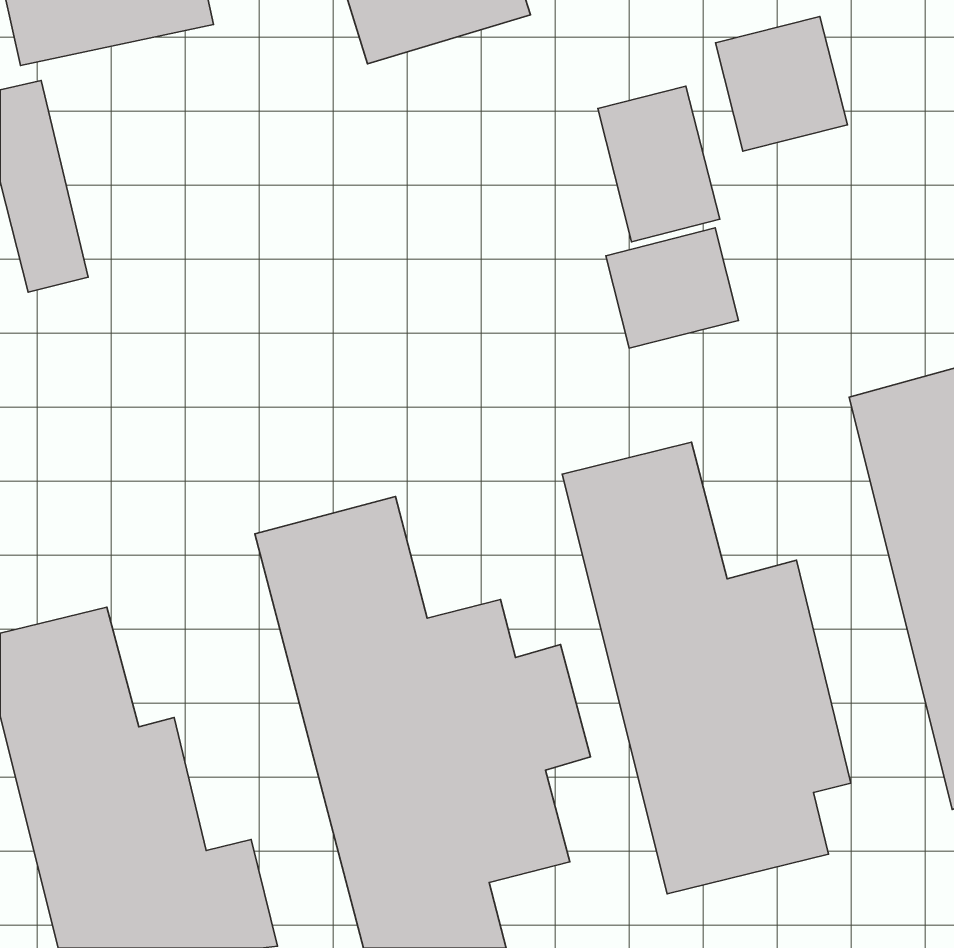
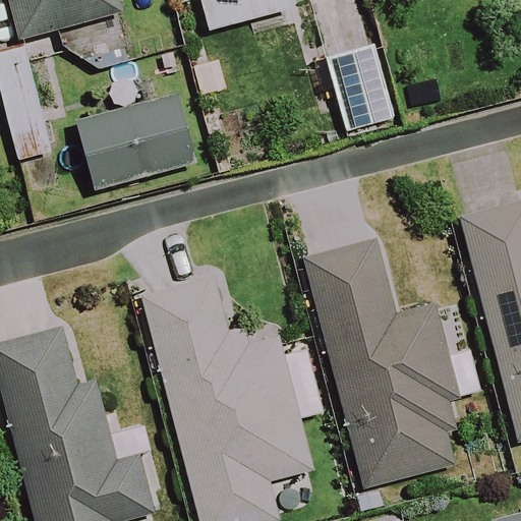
building: [715,16,847,151] -> none
building: none -> [77,95,197,189]
building: [606,228,739,348] -> none

